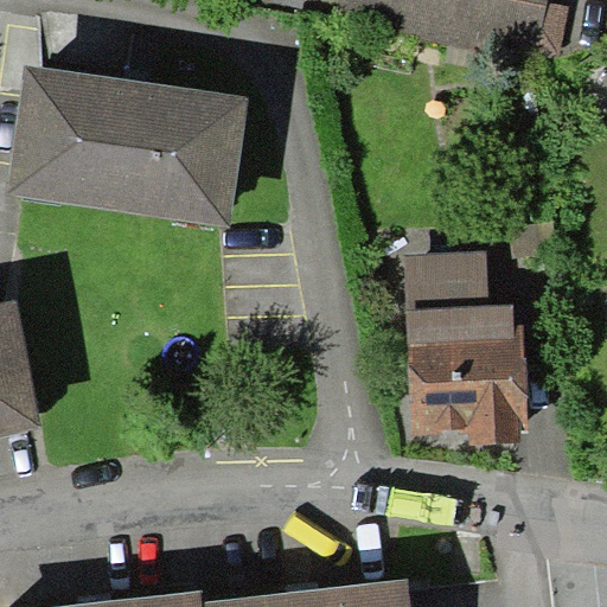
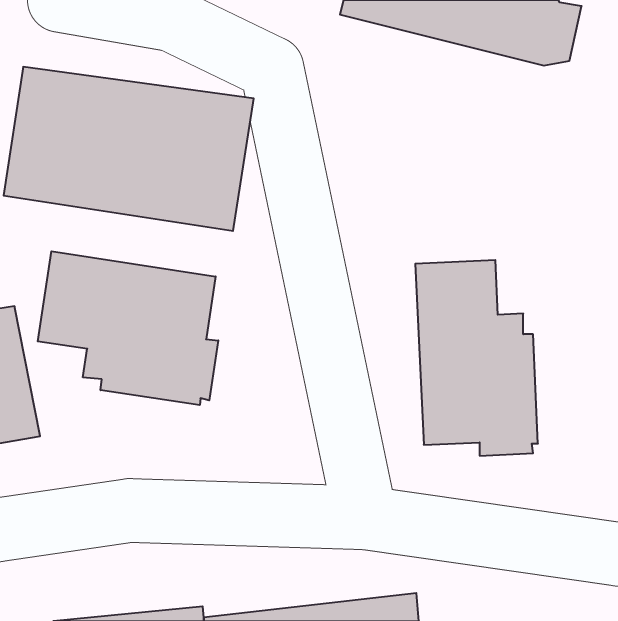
building: none -> [38,251,218,405]

